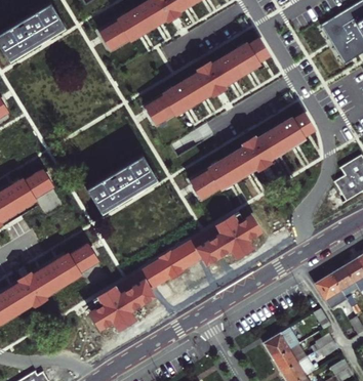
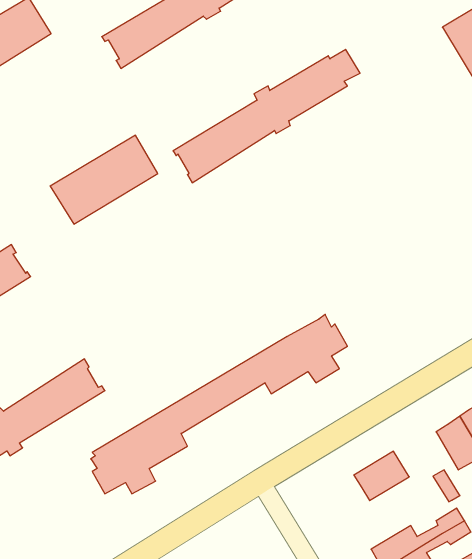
building: [188,112,311,197] -> none
building: [90,157,160,214] -> [50,135,158,224]
building: [264,330,299,362] -> [354,451,409,501]

